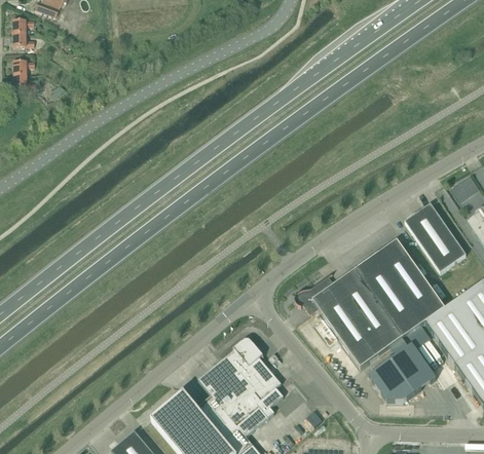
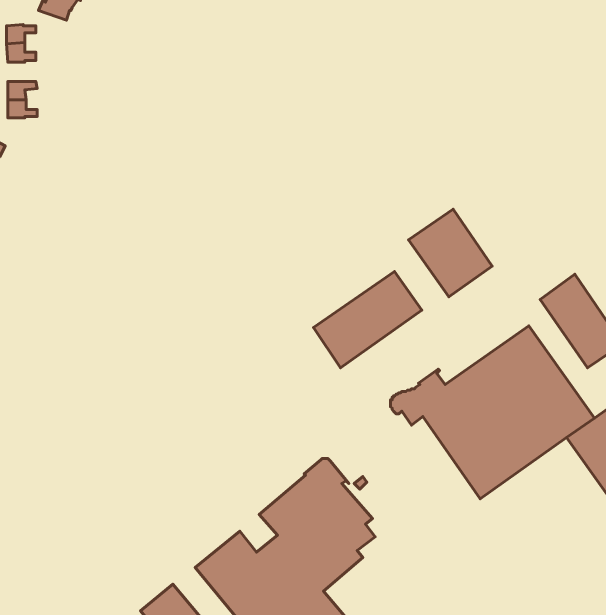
building: none -> [409,209,492,297]
building: none -> [314,271,422,368]
building: [369,343,436,400] -> none

